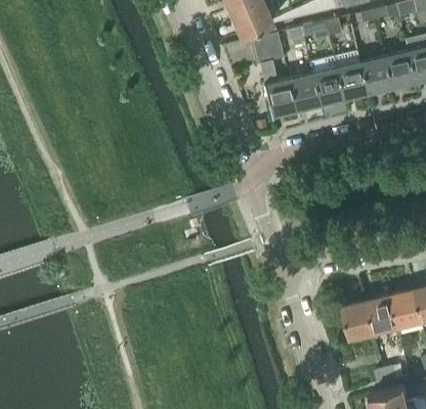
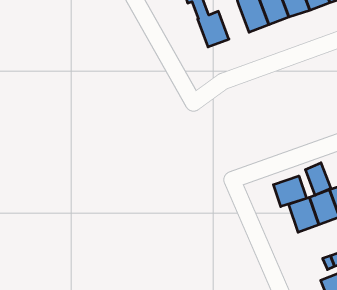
building: [288,74,320,111] -> none
building: none -> [305,163,331,195]
building: none -> [273,176,306,207]

